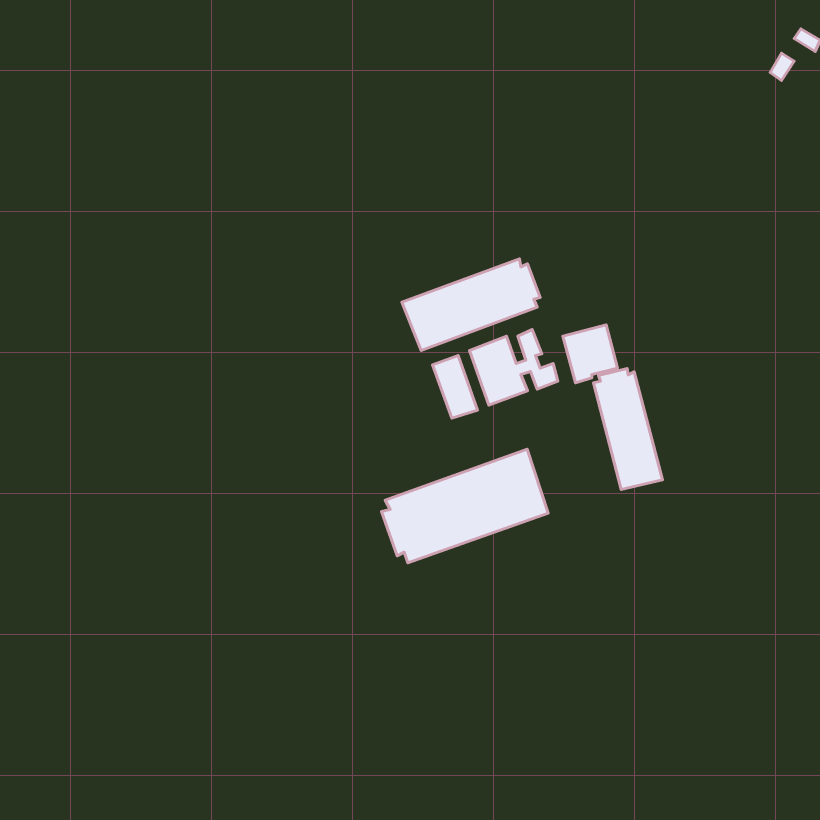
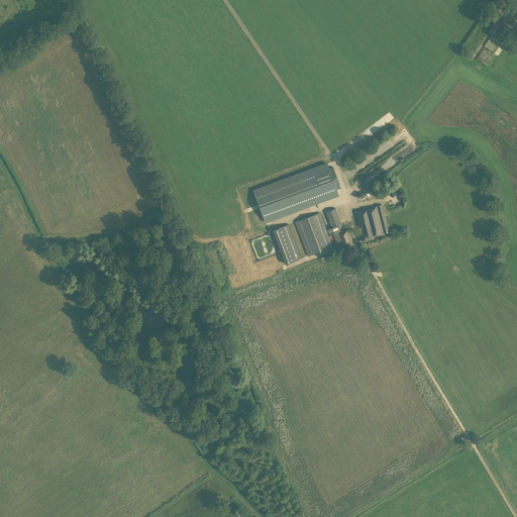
building: [594,368,663,489] -> none
building: [382,449,548,563] -> none

